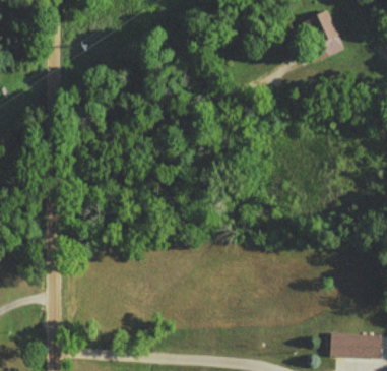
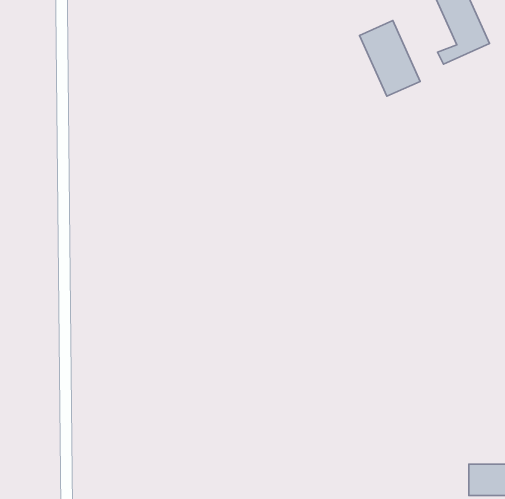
building: none -> [360,21,420,96]

